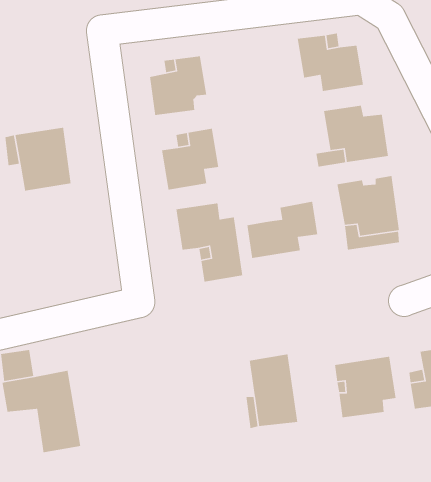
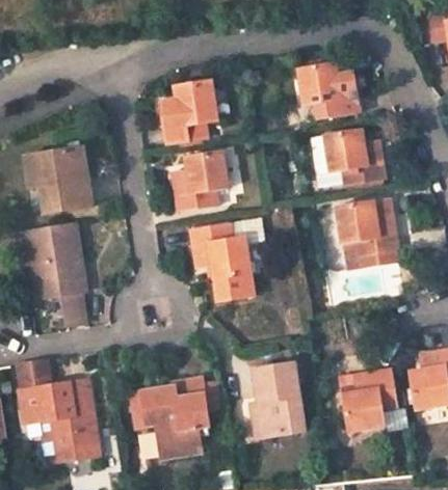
building: [246,201,318,259] -> none
building: none -> [28,223,83,324]
building: none -> [132,380,207,457]

